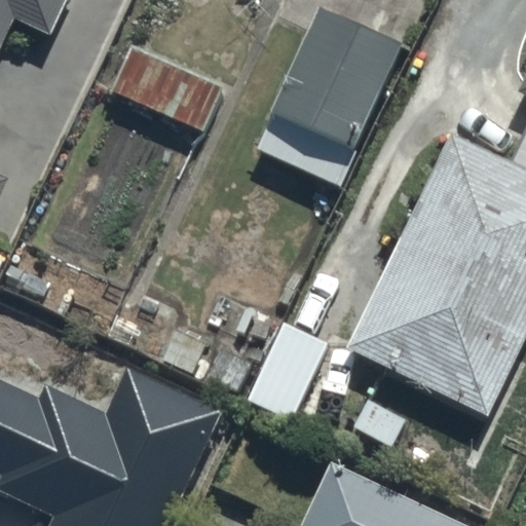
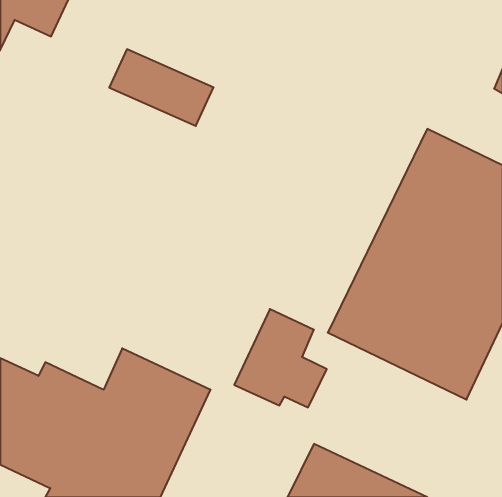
building: [254,7,407,189] -> none

